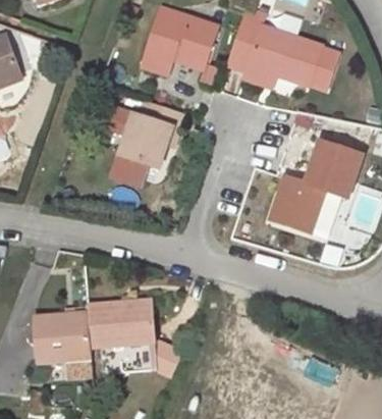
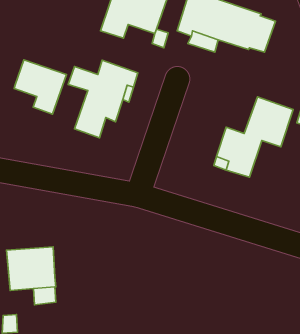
building: none -> [14,60,66,114]
building: [86,298,180,375] -> none

